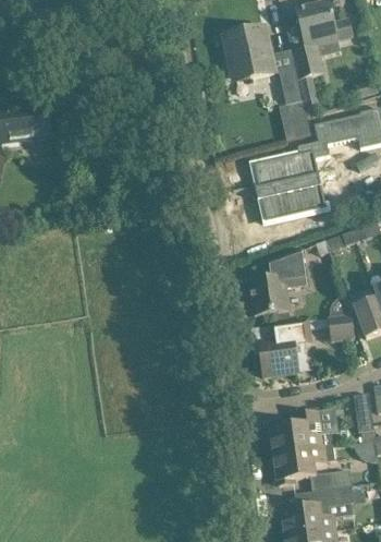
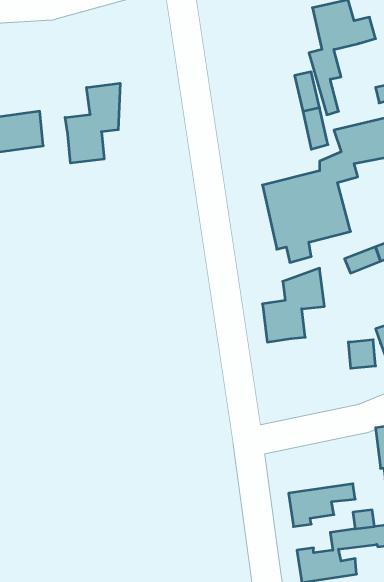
building: [224,25,272,77] -> none
building: none -> [65,83,120,163]
building: [257,318,310,375] -> none
building: [269,409,332,453] -> none

